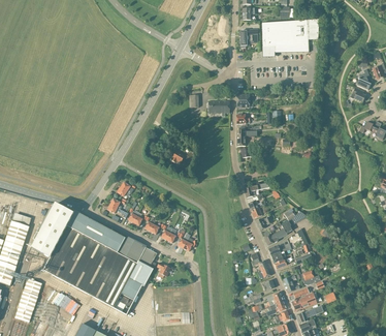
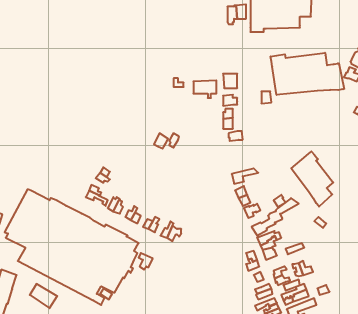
building: none -> [271,53,344,95]
building: none -> [291,151,333,207]

